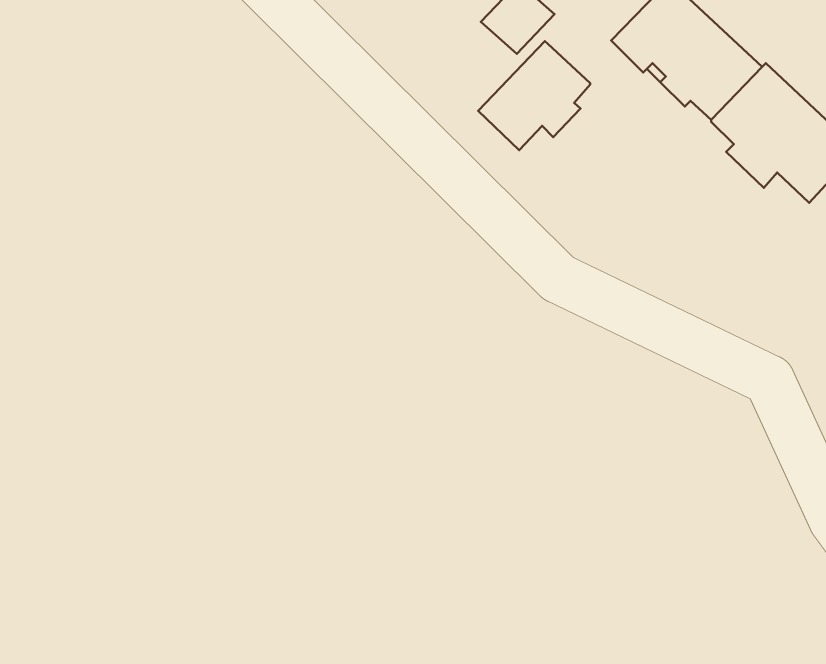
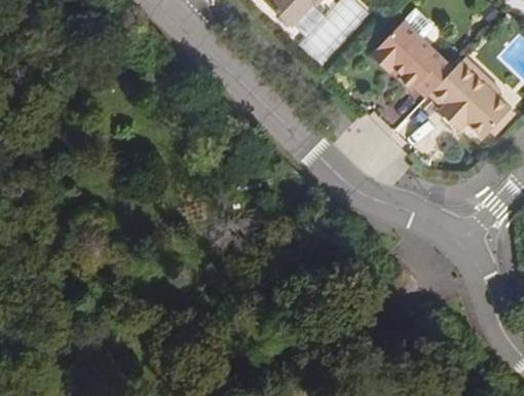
building: [478,41,590,150] -> none

